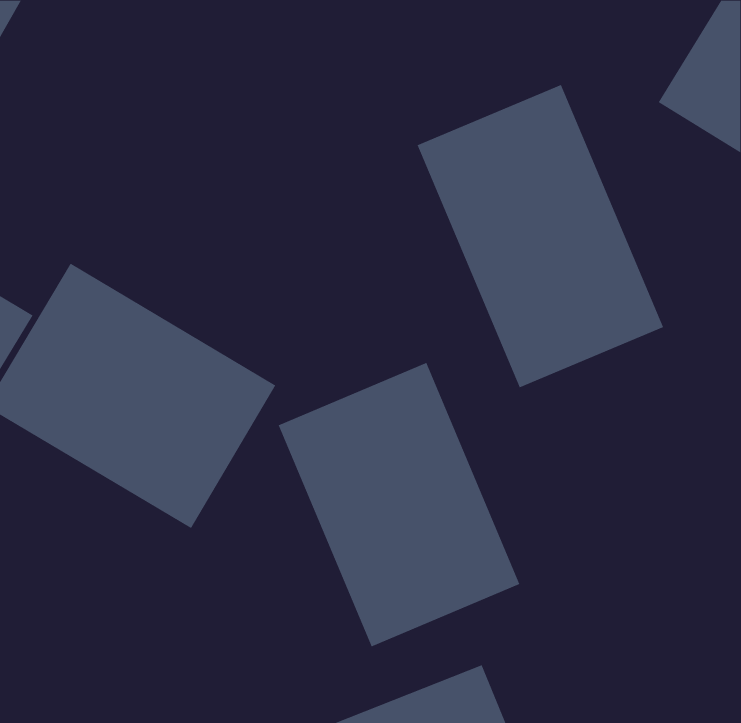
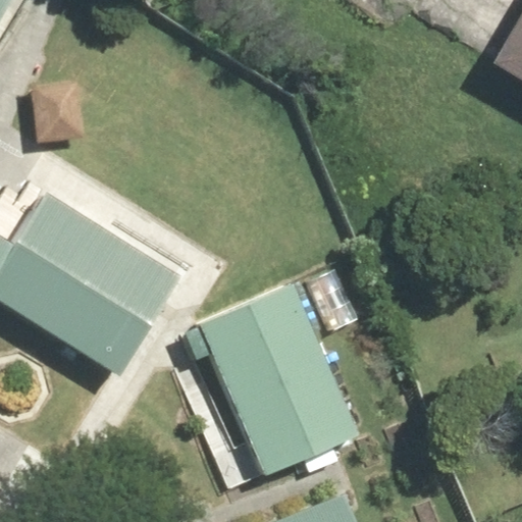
building: [417,84,664,388] -> none

